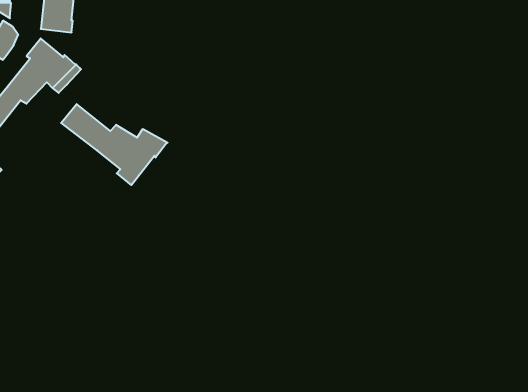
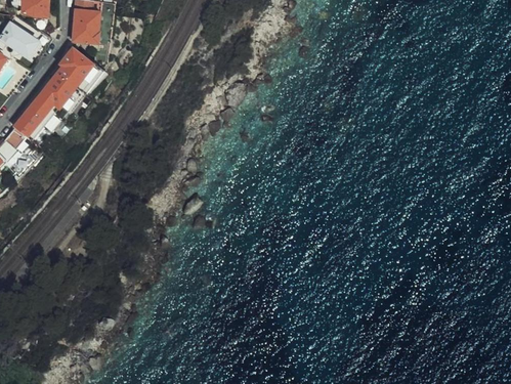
building: [61,104,168,185] -> none

